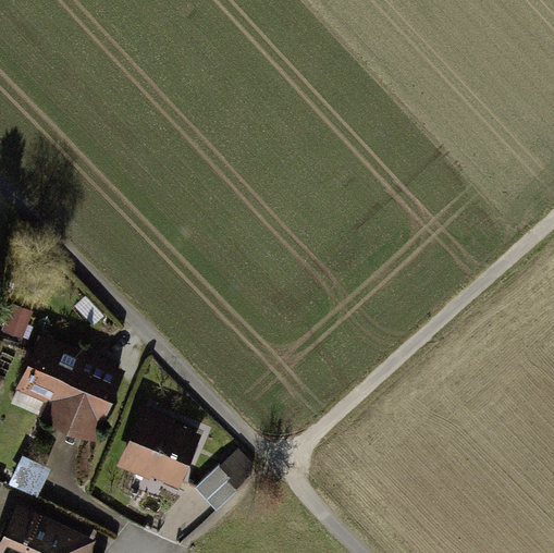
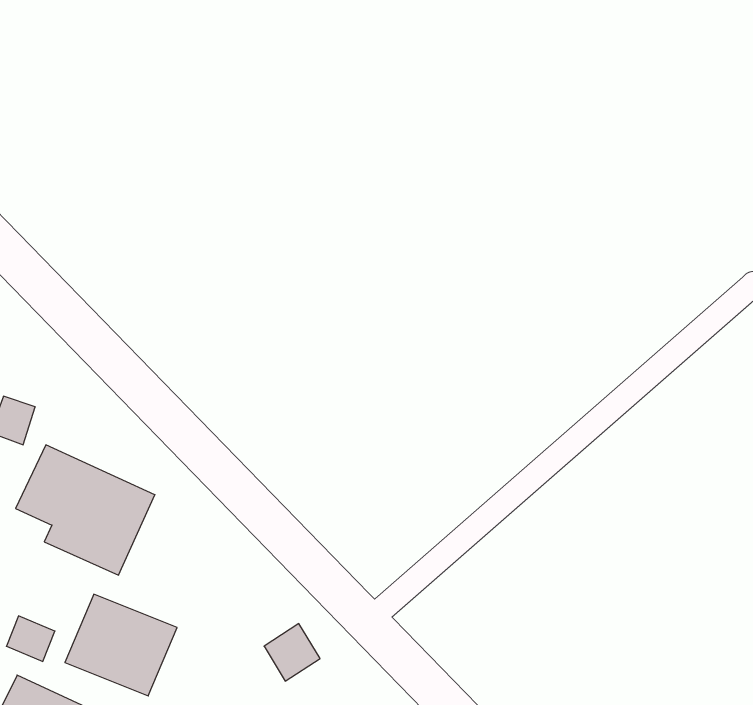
building: [120,414,200,487] -> [65,594,177,696]

